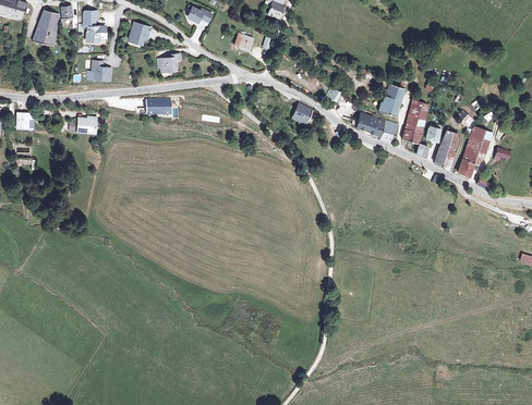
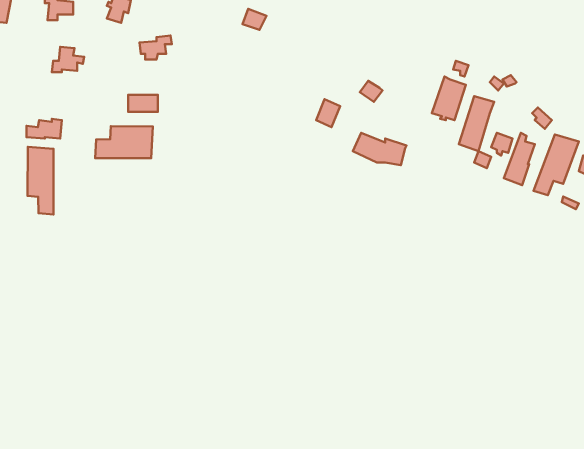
building: [358,113,399,138] -> [353,133,407,165]
building: none -> [95,126,153,158]
building: none -> [27,147,54,214]

